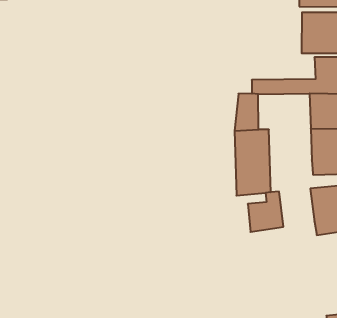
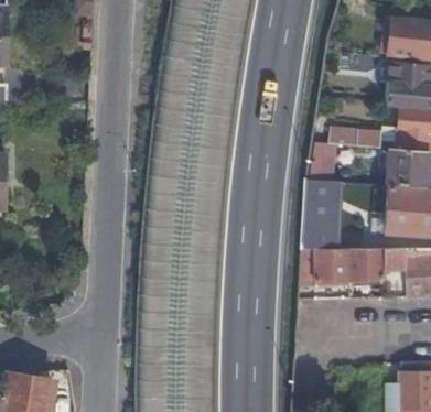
building: none -> [348,247,382,284]

